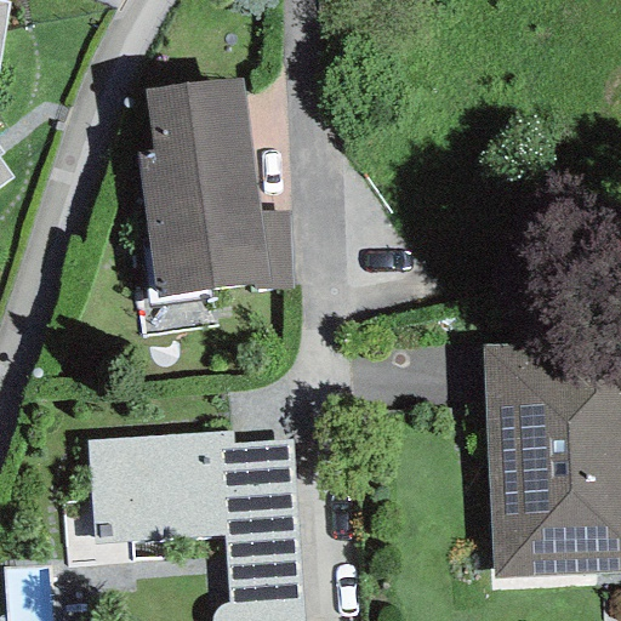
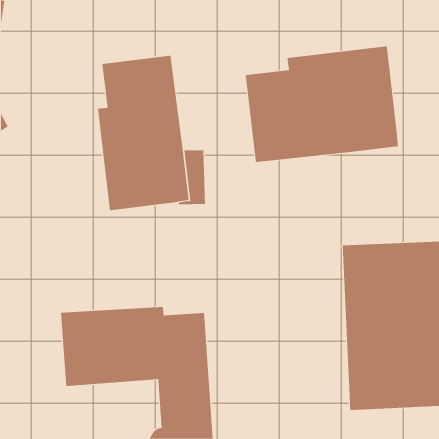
building: none -> [245,45,398,163]

